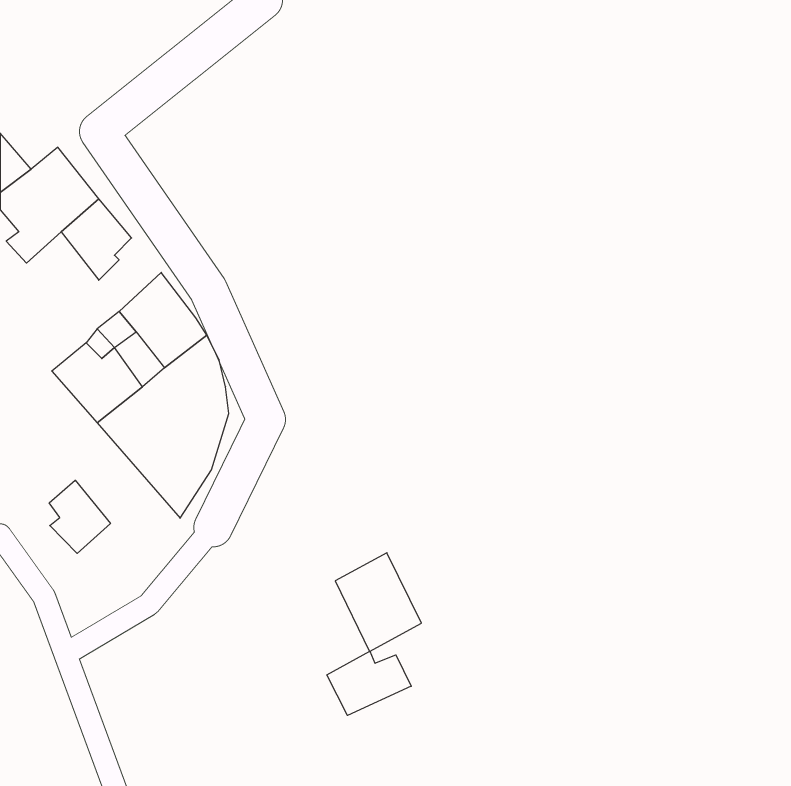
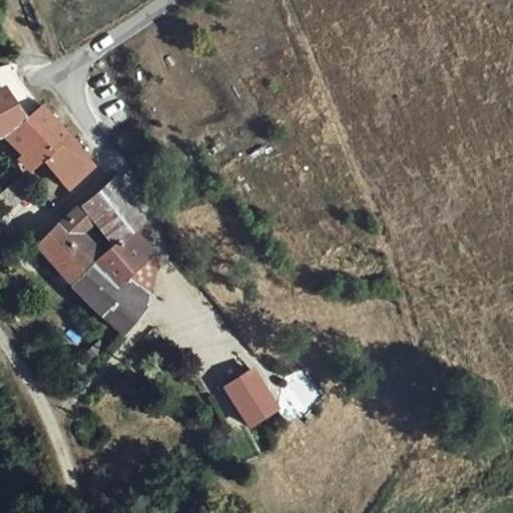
building: [49,480,110,553] -> none
building: [327,651,411,715] -> none

